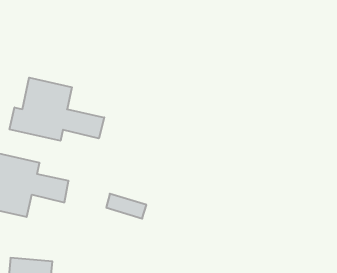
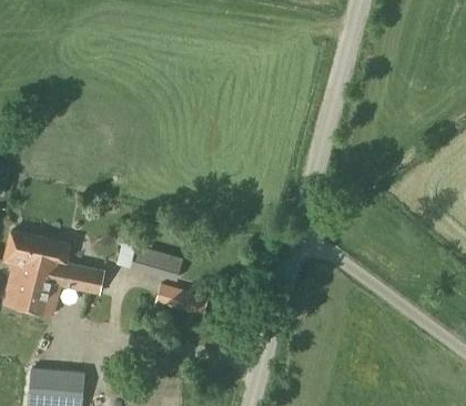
building: [10,78,104,141] -> none
building: none -> [132,246,182,281]

